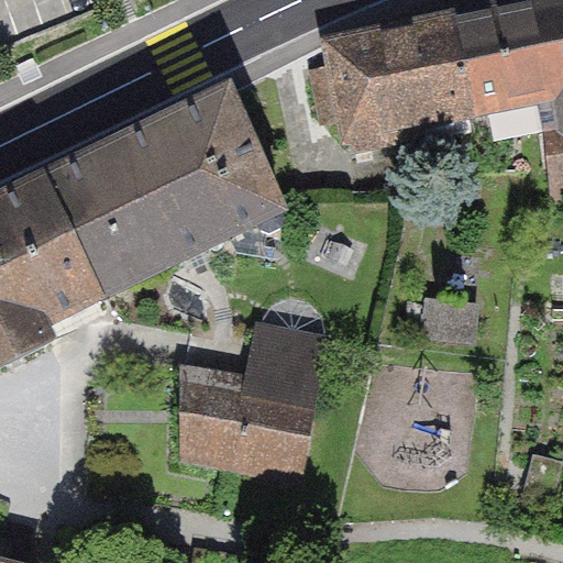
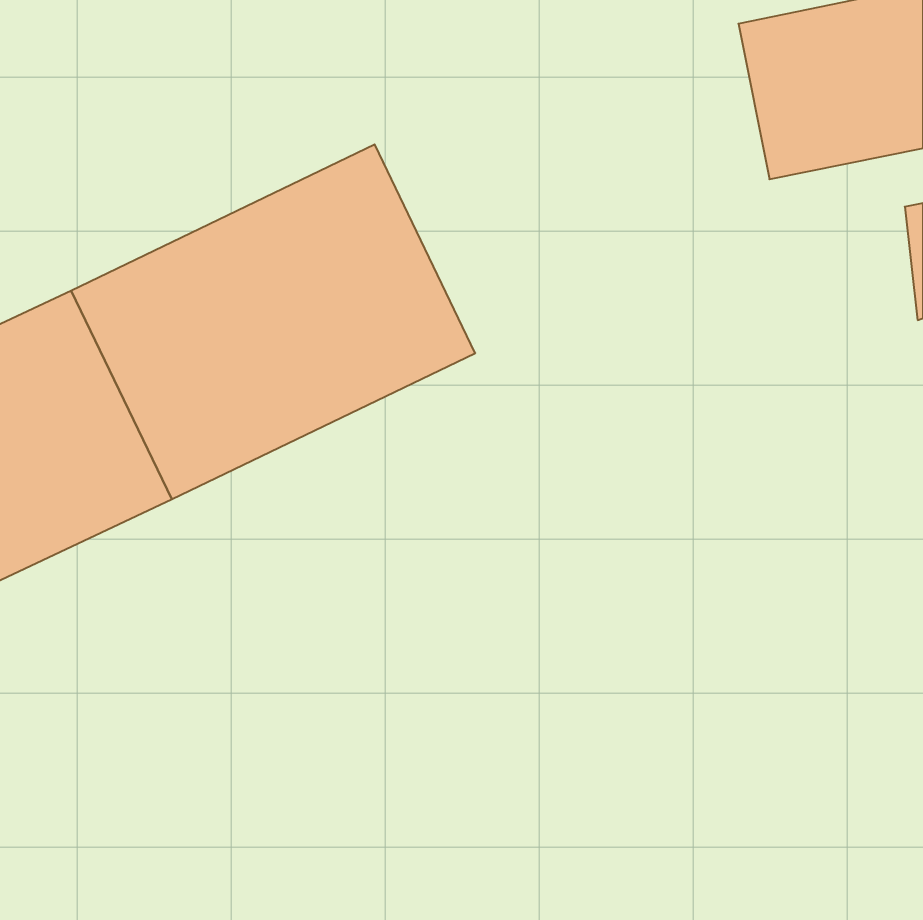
building: [321,14,465,145] -> none
building: [173,319,332,478] -> none

